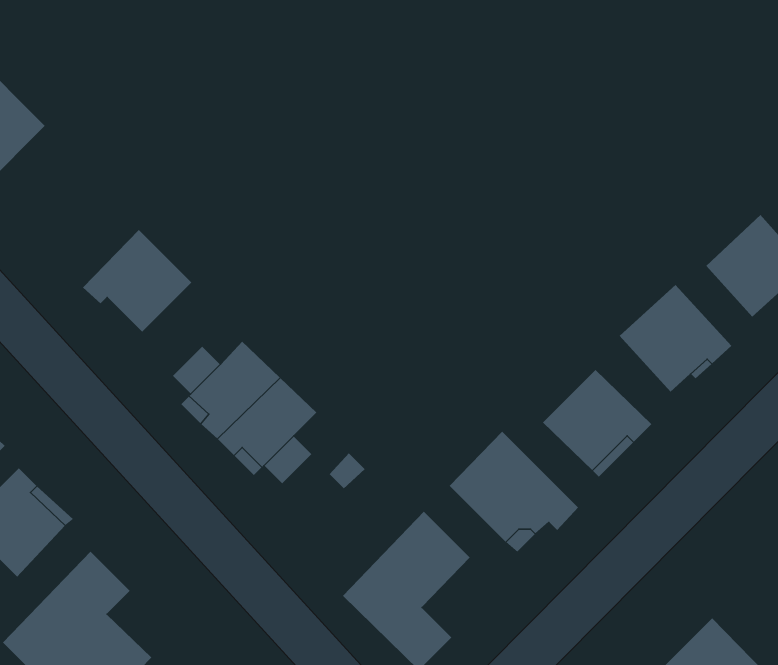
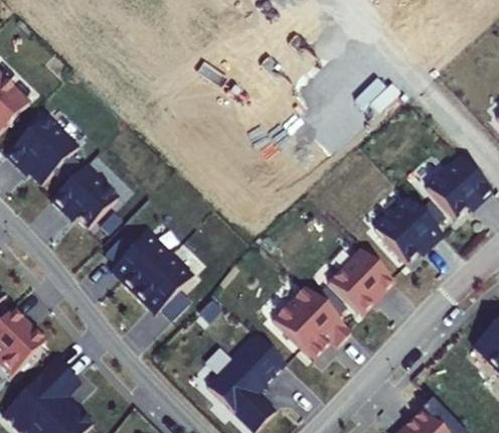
building: none -> [6,114,78,182]

